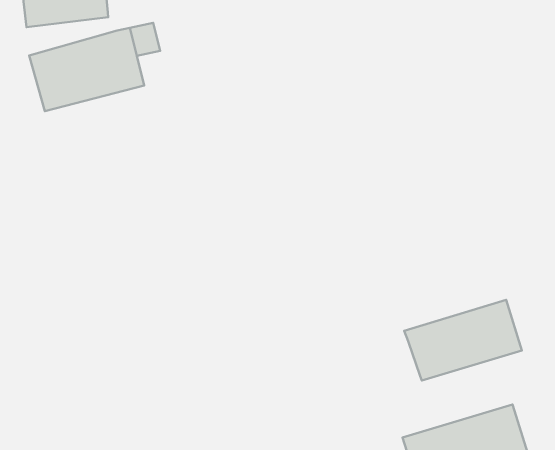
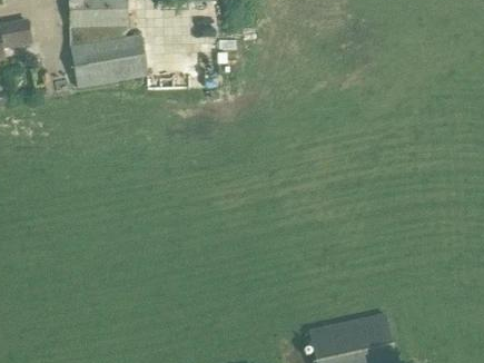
building: none -> [69,24,132,47]
building: [404,300,522,381] -> none

